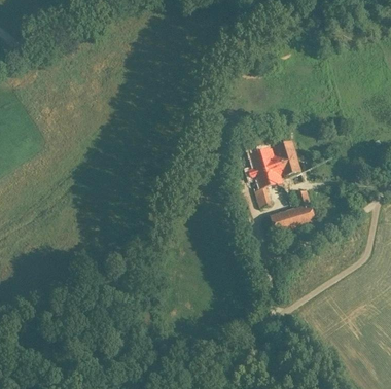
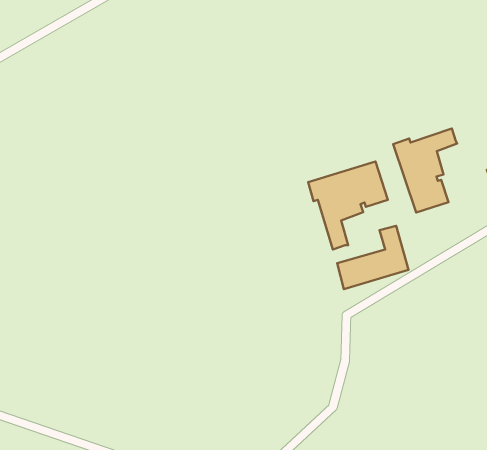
building: none -> [393,129,457,213]

